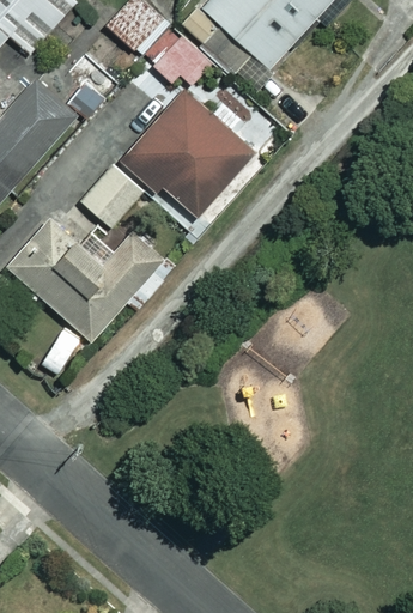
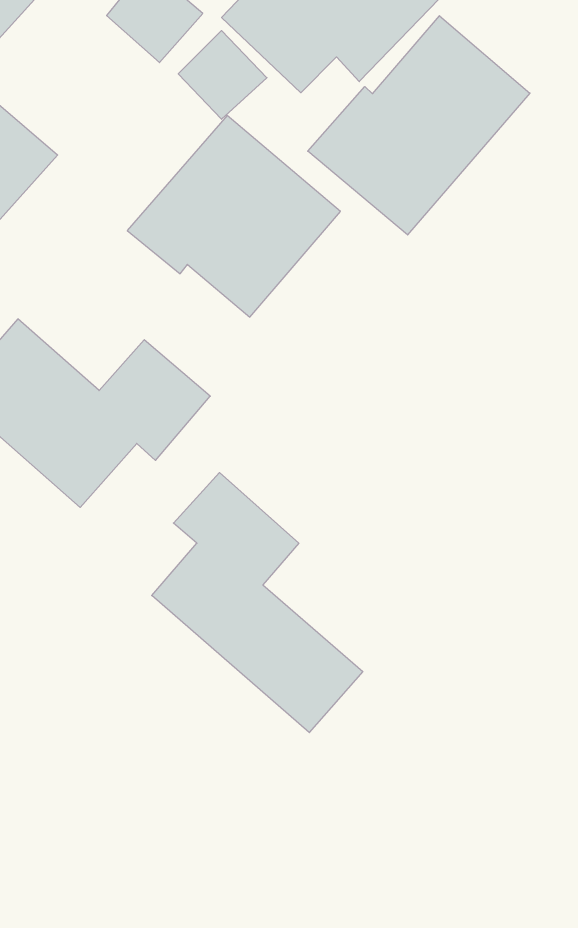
building: none -> [308,16,530,235]
building: [80,163,142,226] -> none
building: none -> [152,473,363,733]

